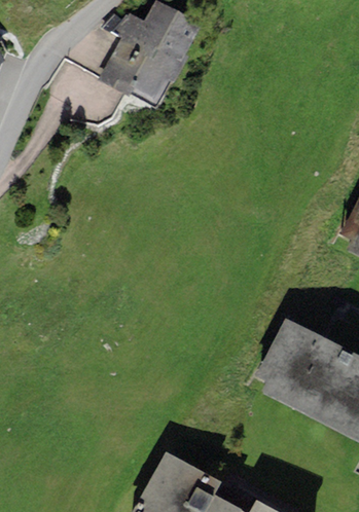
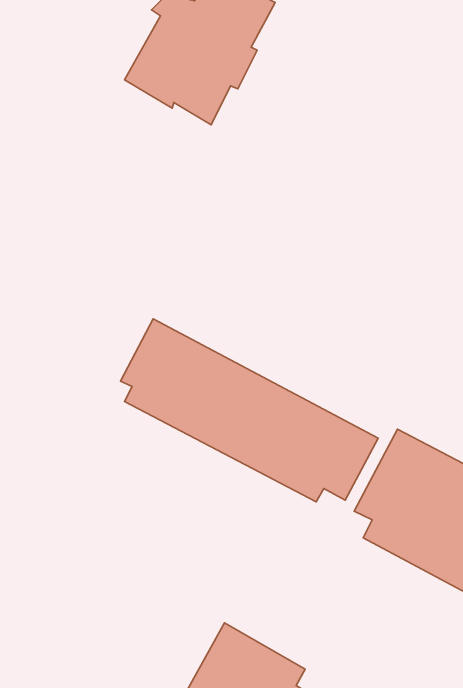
building: none -> [120,319,378,502]

